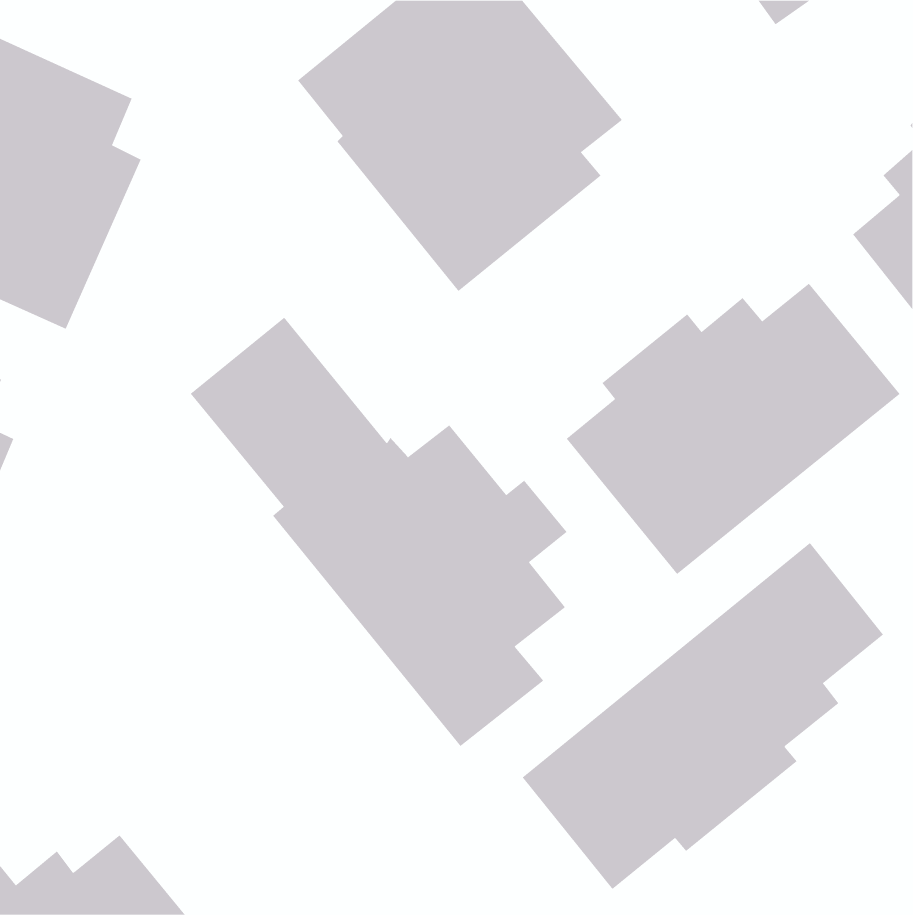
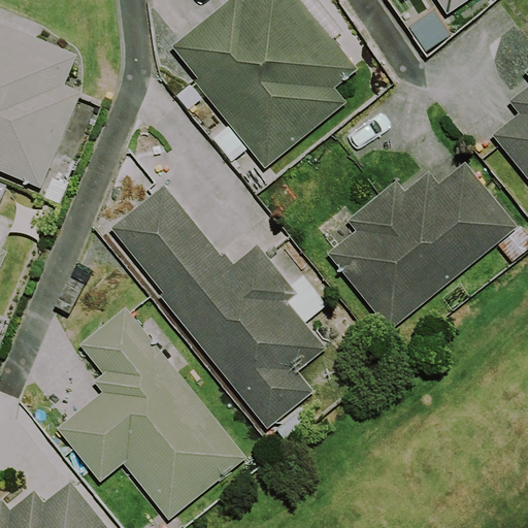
building: none -> [56,307,245,521]
building: [522,542,884,890] -> none

